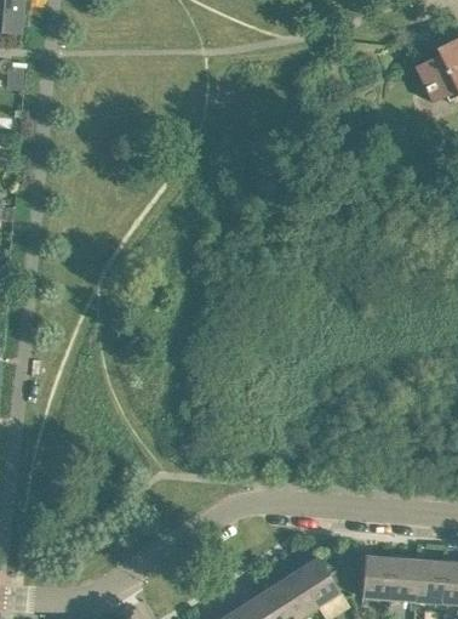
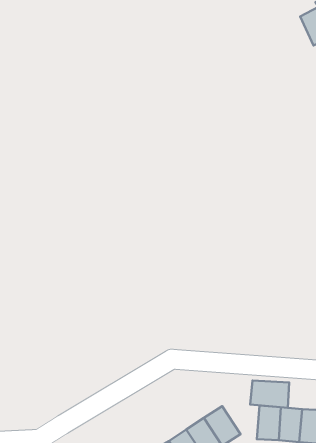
building: none -> [250,381,289,408]

